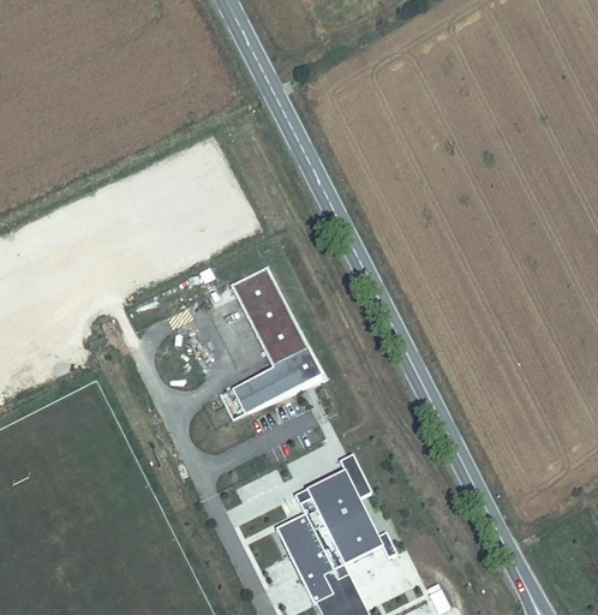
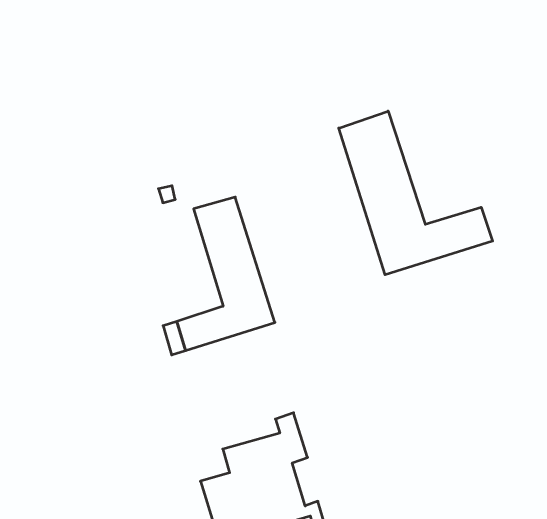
building: none -> [339,111,493,275]

